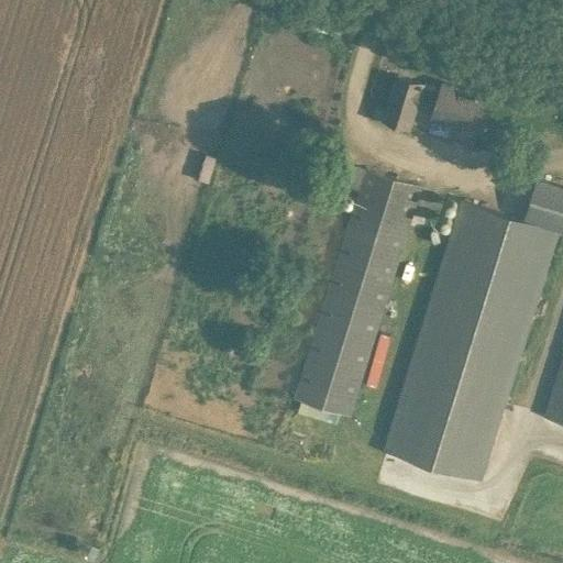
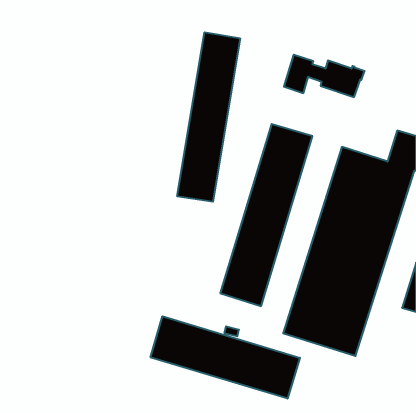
building: none -> [177,32,240,202]
building: none -> [151,316,300,399]

